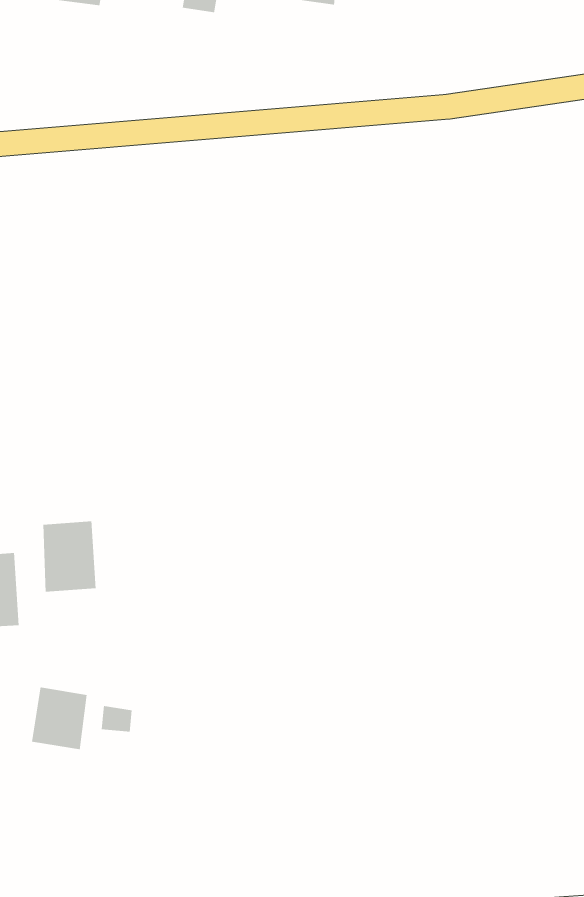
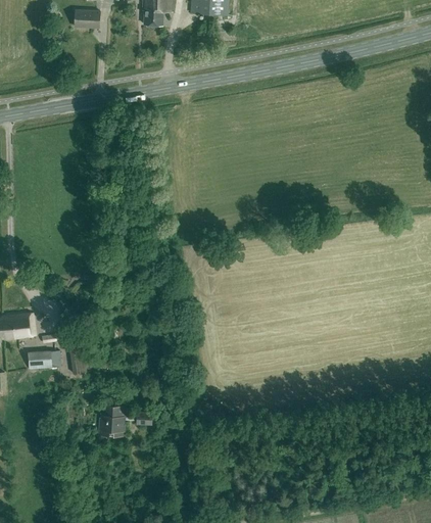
building: [43,521,96,592] -> none

